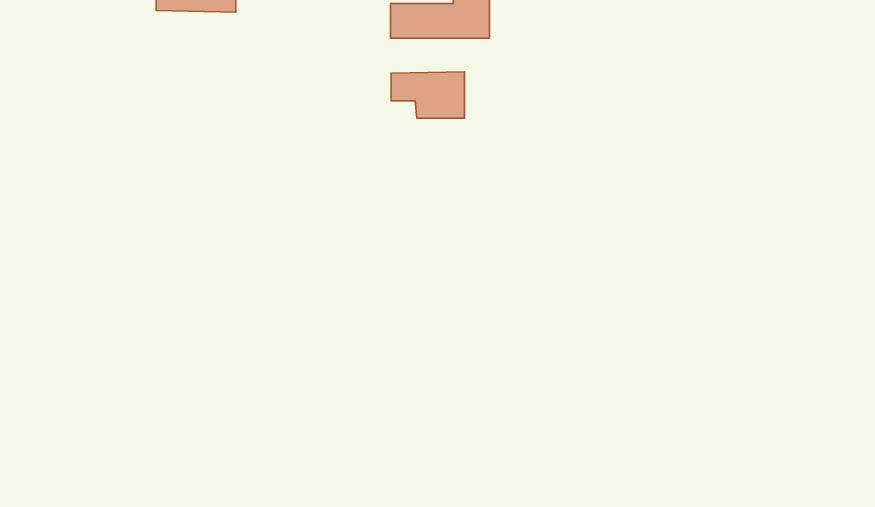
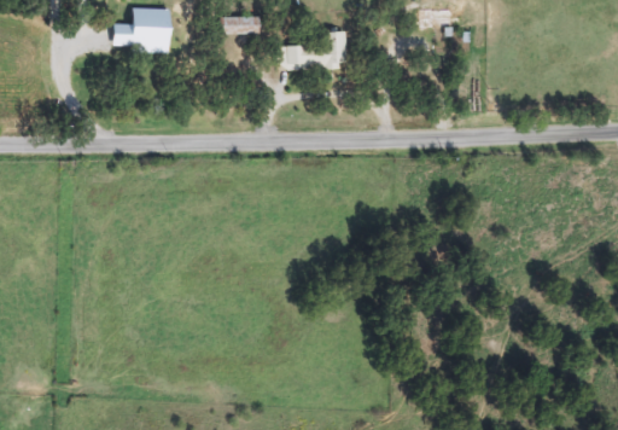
building: [391,72,464,118] -> none

